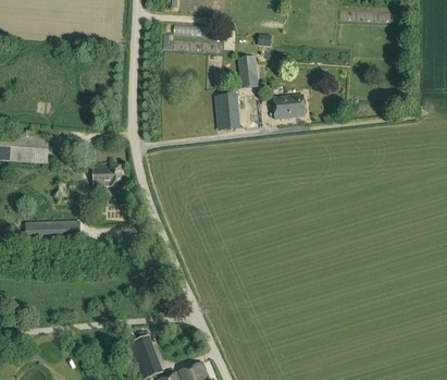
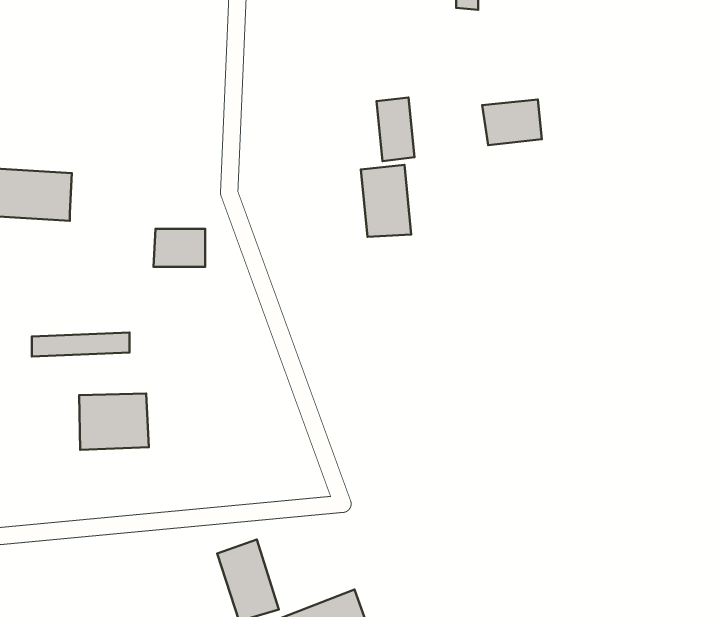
building: [237,57,258,88] -> none
building: none -> [361,165,411,237]
building: none -> [79,393,149,450]

